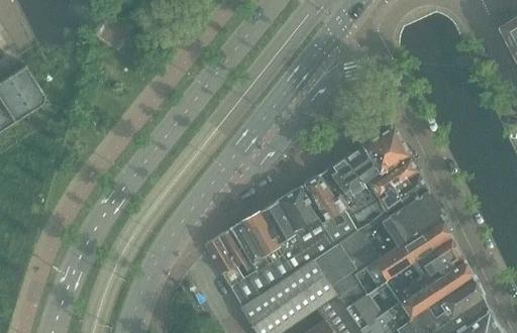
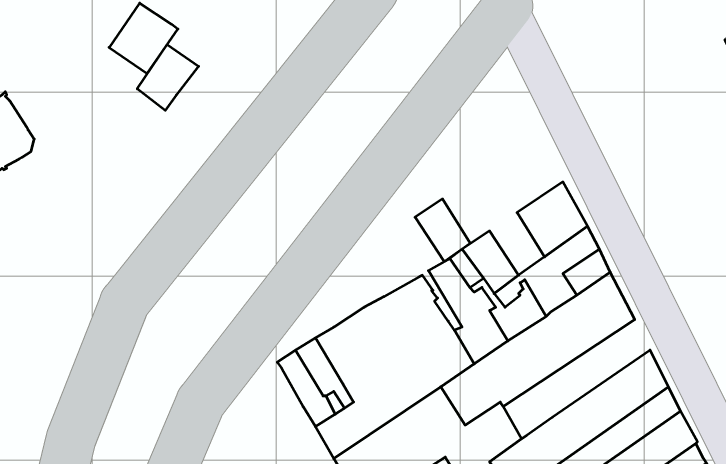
building: none -> [137,45,199,110]
building: [345,146,382,188] -> [415,199,470,262]
building: [354,217,451,296] -> none

